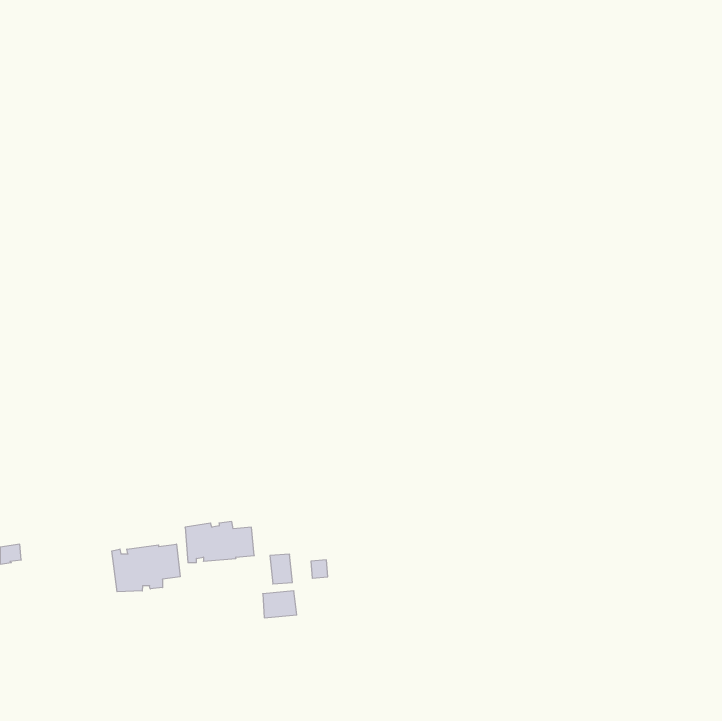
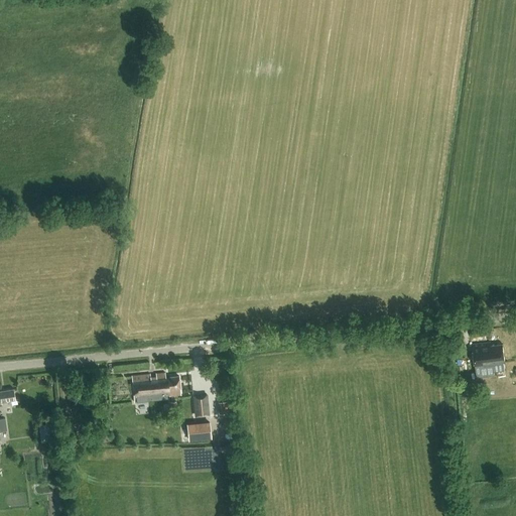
building: none -> [472,343,505,370]
building: [112,544,180,592] -> none

